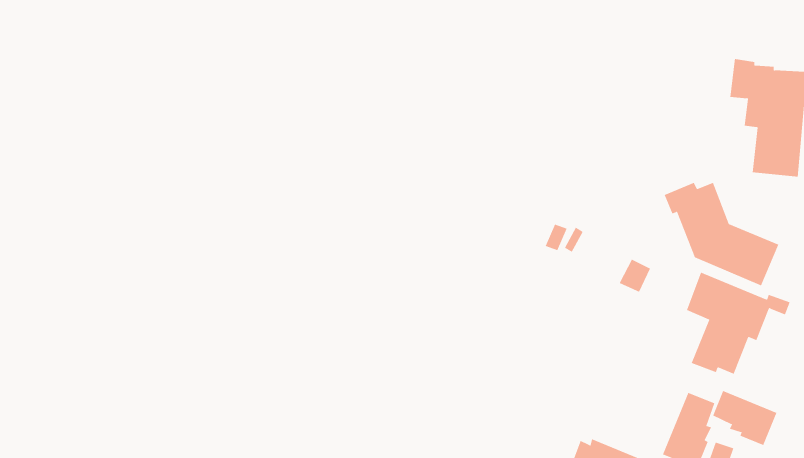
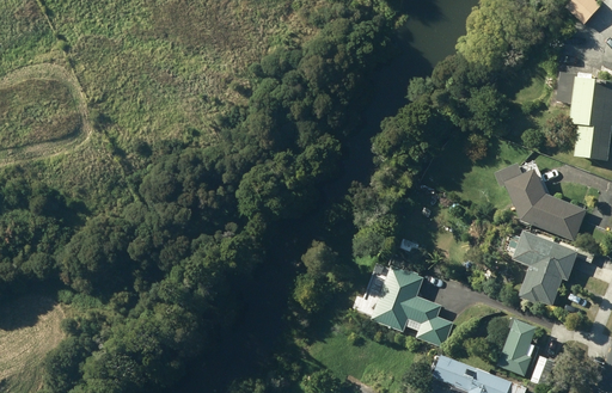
building: none -> [372,265,452,348]
building: [712,390,777,446] -> none

